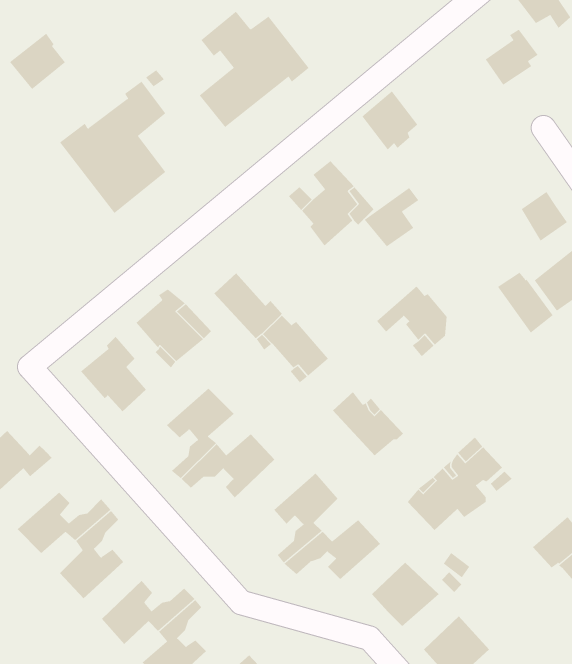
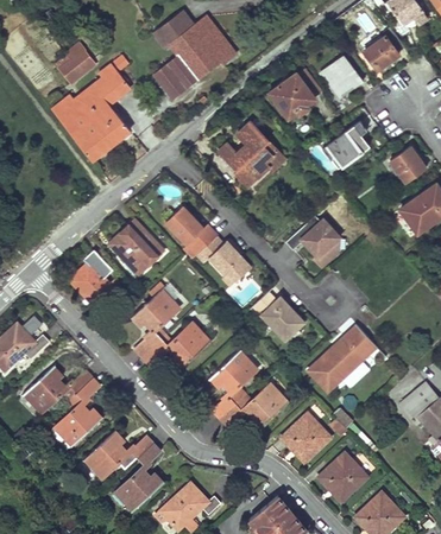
building: [9,33,66,90] -> [55,43,96,84]
building: none -> [319,55,357,97]
building: [364,187,419,247] -> [326,122,366,166]
building: [497,272,554,334] -> none

